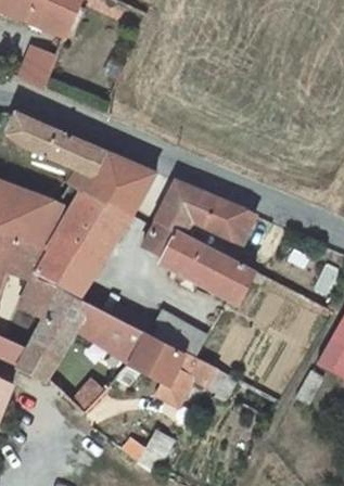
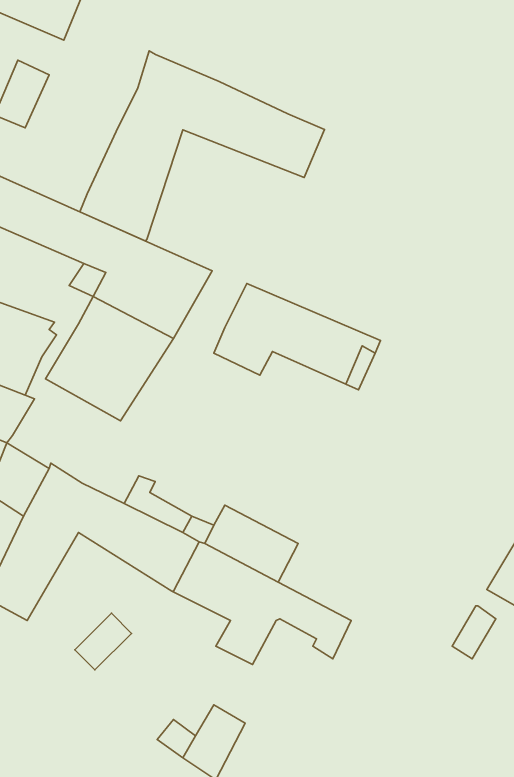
building: none -> [80,51,324,241]
building: [142,222,253,302] -> none
building: [36,238,100,296] -> none

